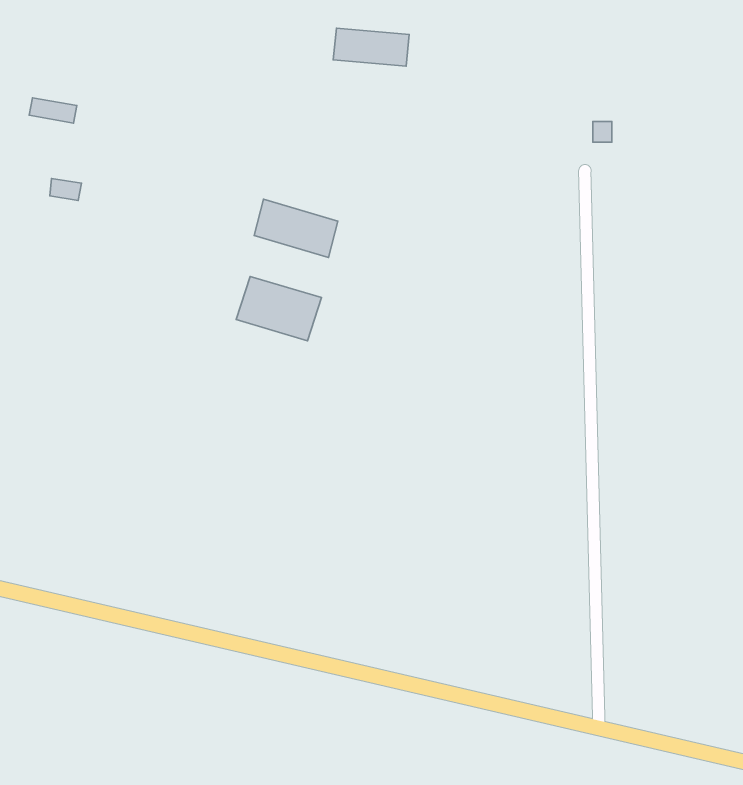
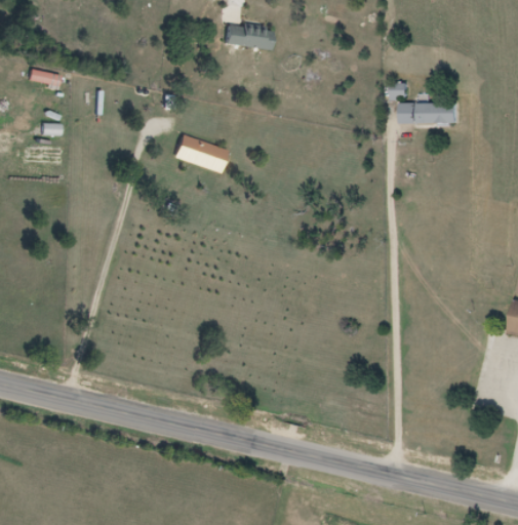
building: none -> [400,103,460,123]
building: [236,276,322,341] -> none

